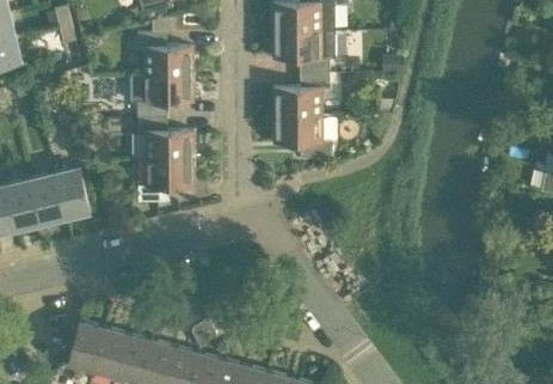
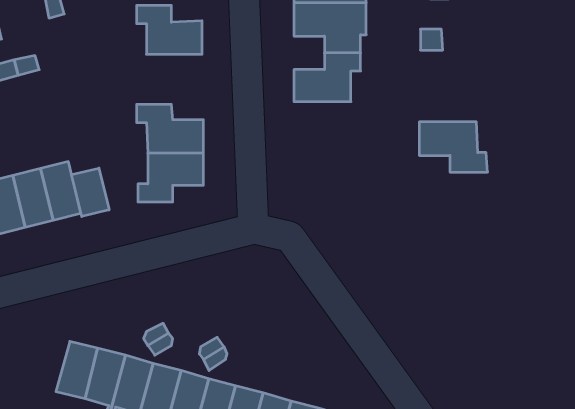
building: [137,75,195,118] -> none
building: [272,116,331,159] -> [419,122,488,172]
building: none -> [72,168,109,217]

